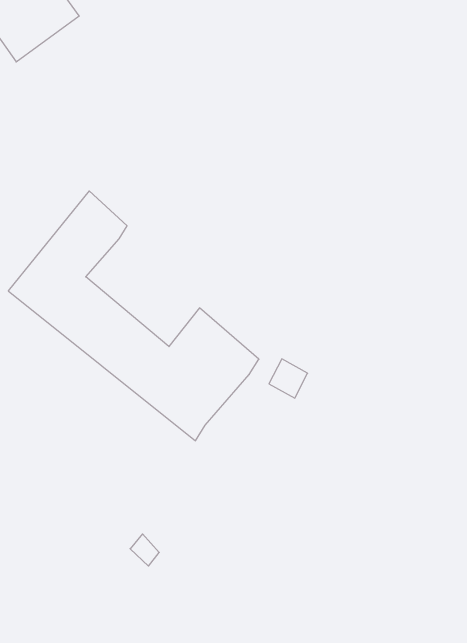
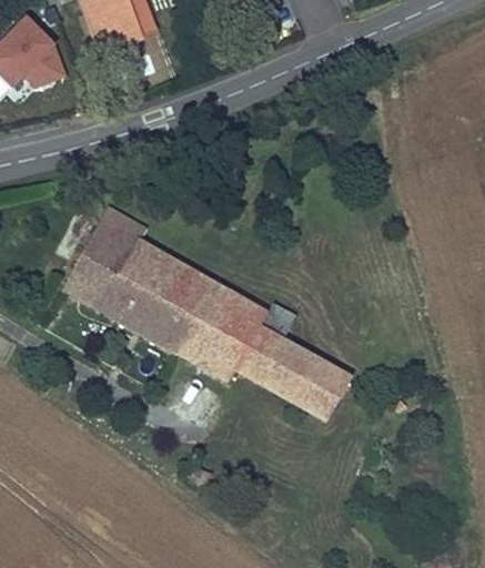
building: none -> [118,233,211,311]
building: none -> [231,322,350,418]

